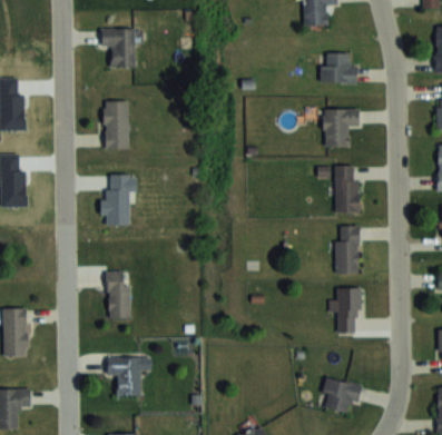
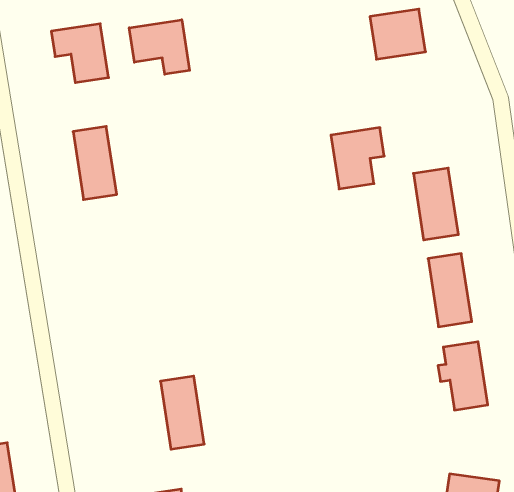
building: none -> [129,20,190,74]
building: [324,109,358,147] -> [331,128,384,189]
building: [105,175,136,226] -> none
building: [106,273,129,320] -> [160,376,204,449]

